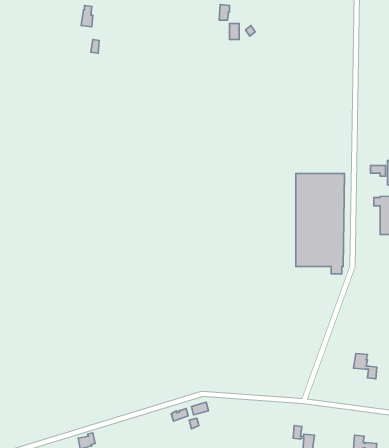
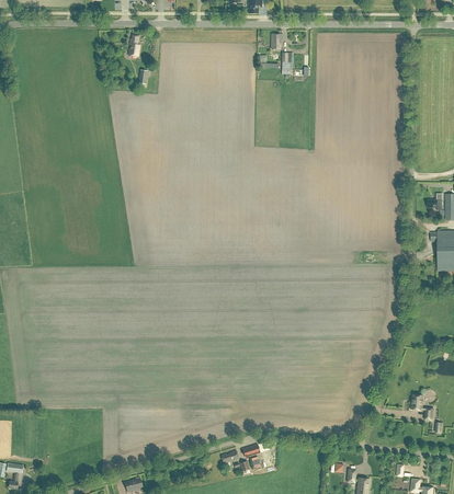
building: [296,174,344,274] -> none

